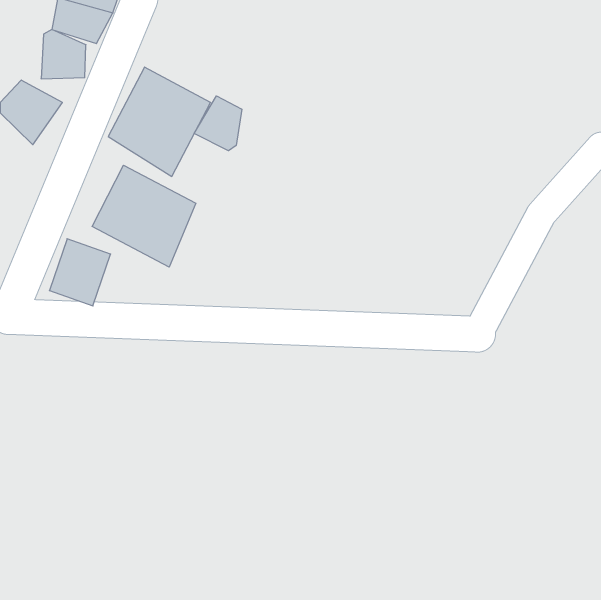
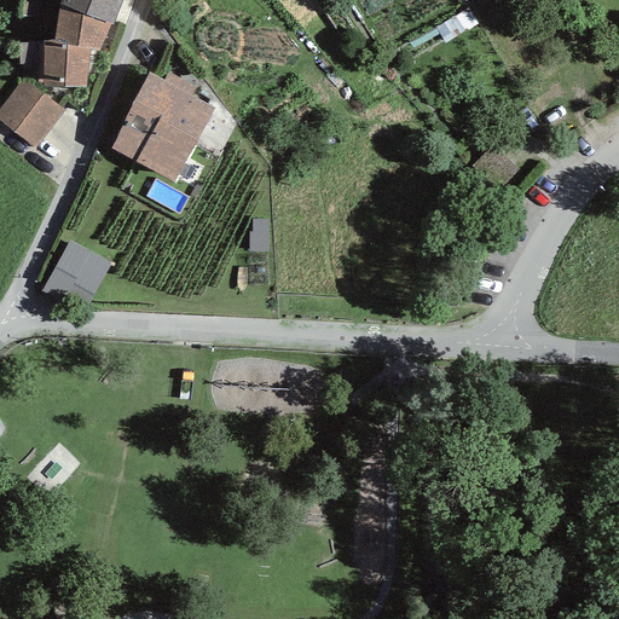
building: [194,96,242,151] -> none
building: [92,165,196,267] -> none

